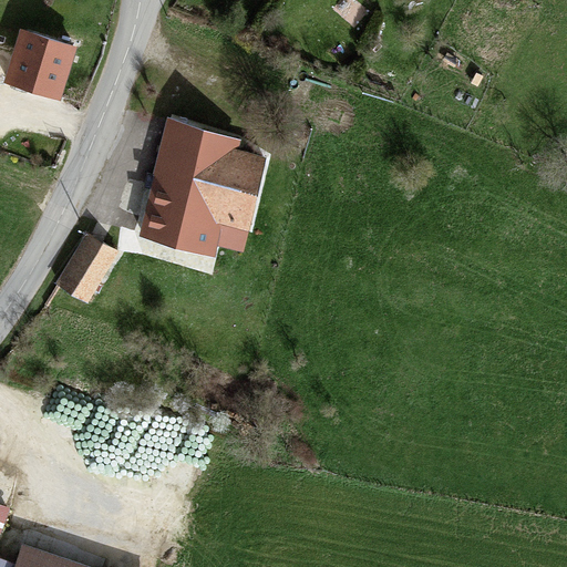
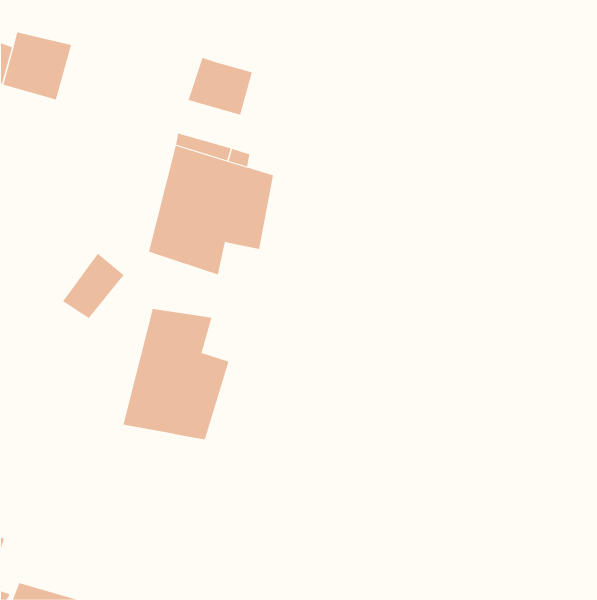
building: none -> [188,57,252,115]
building: none -> [123,308,229,440]

